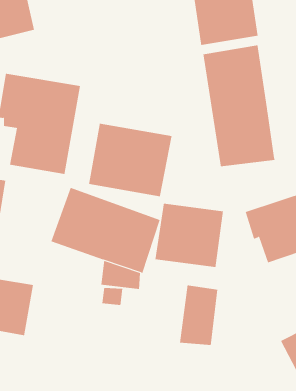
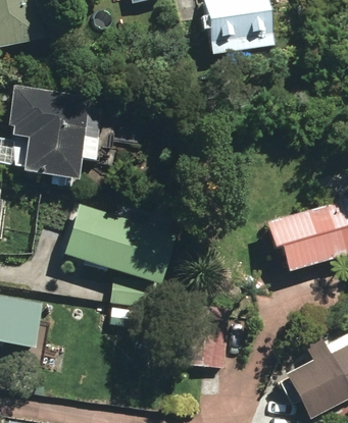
building: [203,45,275,167] -> none
building: [89,123,172,197] -> none
building: [155,203,223,268] -> none

